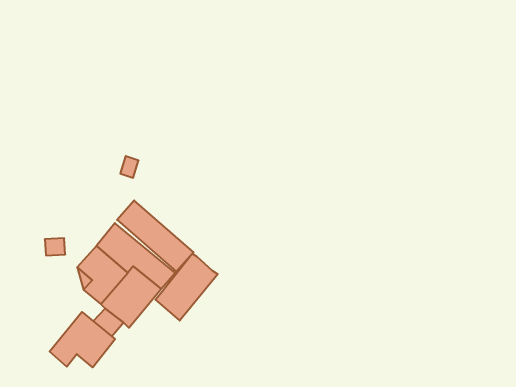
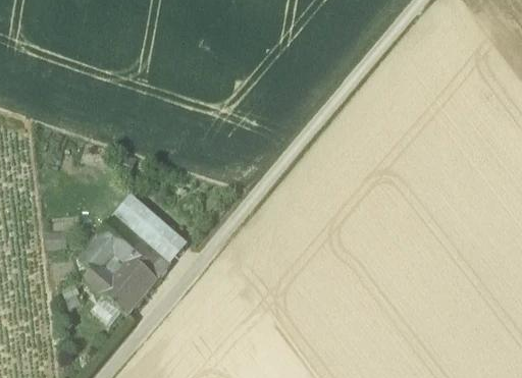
building: [155,254,218,321] -> none
building: [50,312,115,367] -> none

